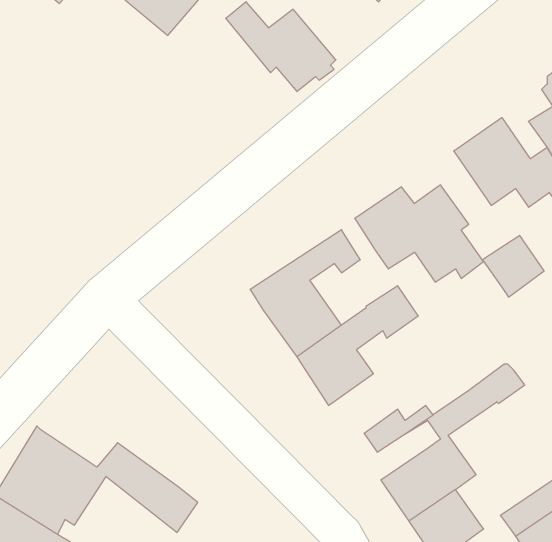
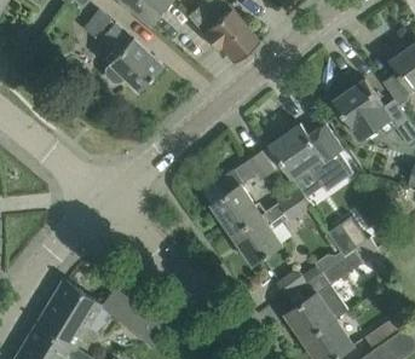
building: none -> [85,10,161,91]
building: [482,235,544,297] -> [328,216,368,256]

